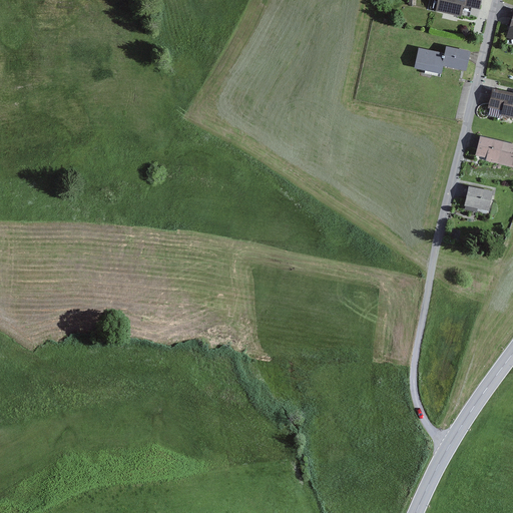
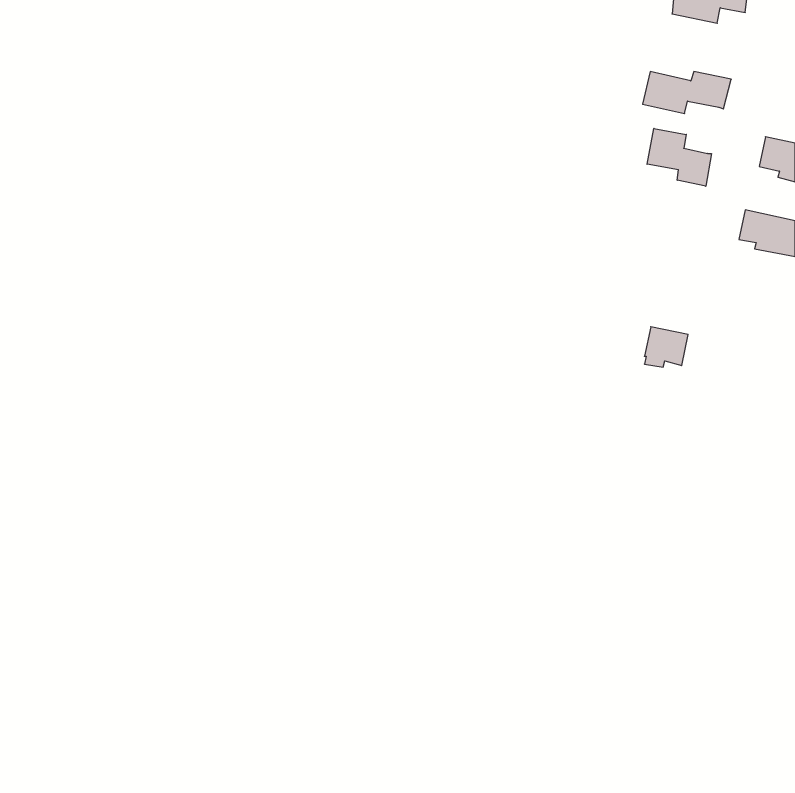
building: none -> [647,128,711,186]
building: [465,185,493,211] -> [644,327,688,367]

